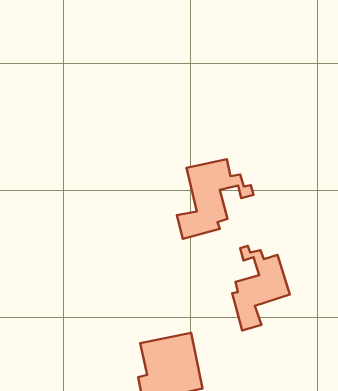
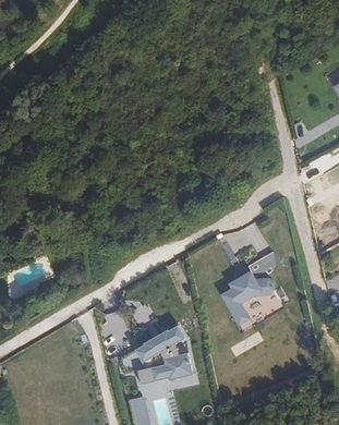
building: [177,159,253,239] -> none

